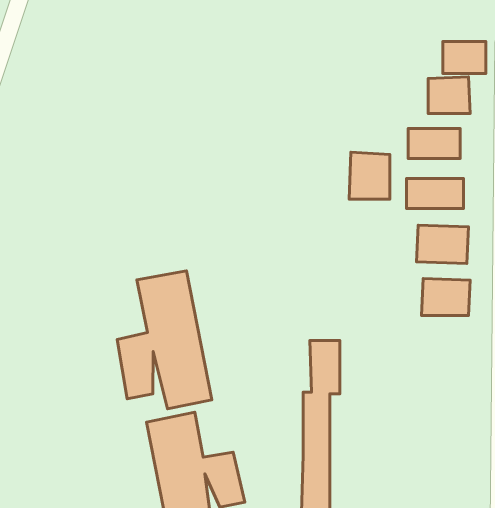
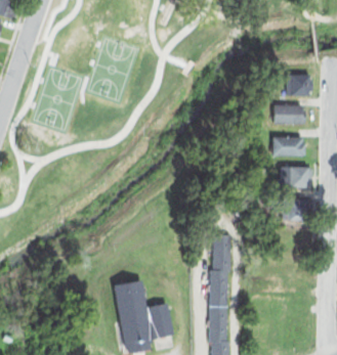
building: [443,42,486,74] -> none
building: [349,152,390,199] -> none
building: [117,271,212,409] -> none

